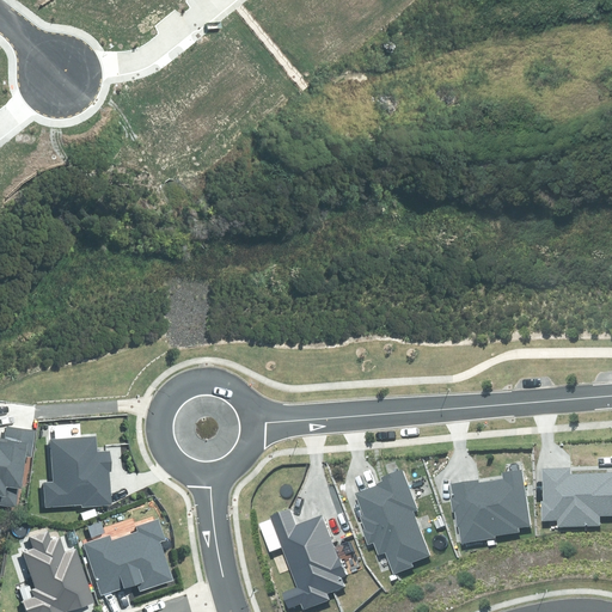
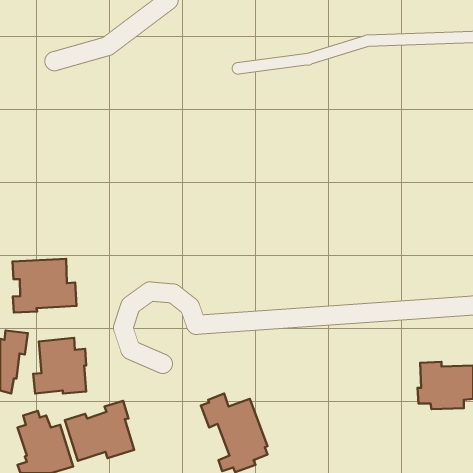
building: none -> [13,259,77,313]
building: [355,470,429,574] -> none
building: [451,470,530,543] -> none

